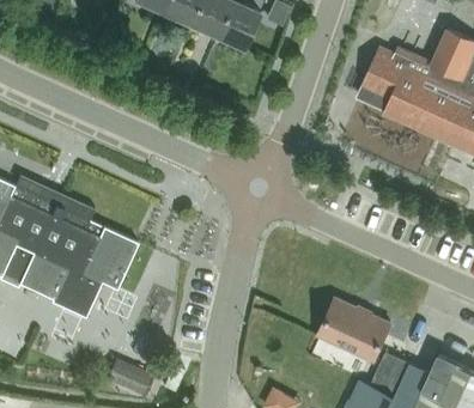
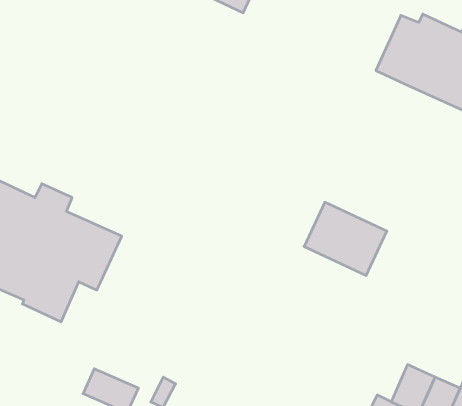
building: [318,299,390,363] -> [304,202,387,275]

